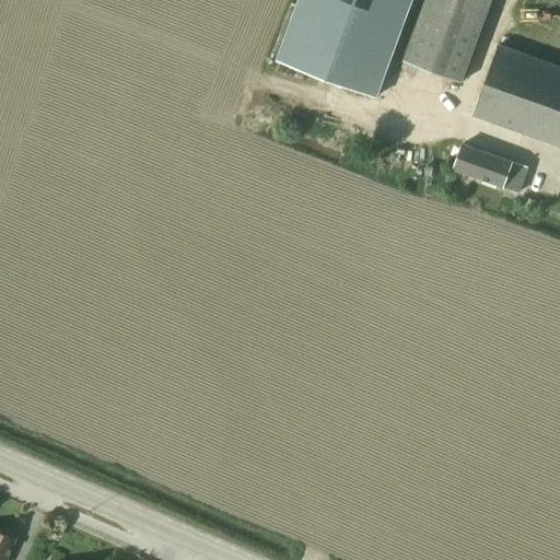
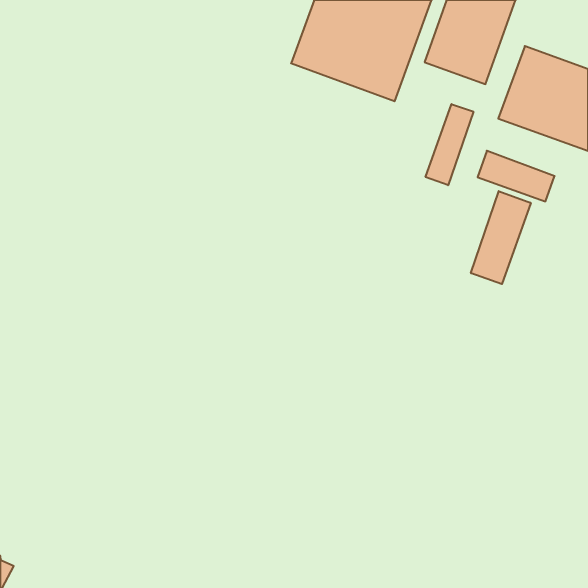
building: none -> [426,104,473,185]
building: none -> [471,191,531,284]

